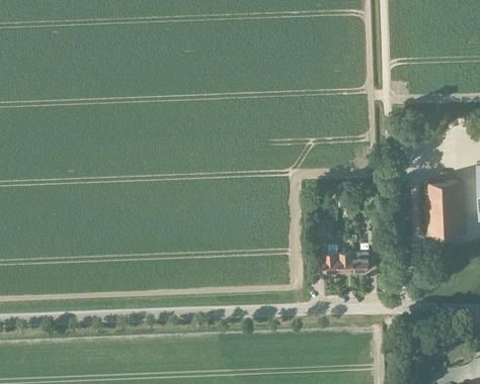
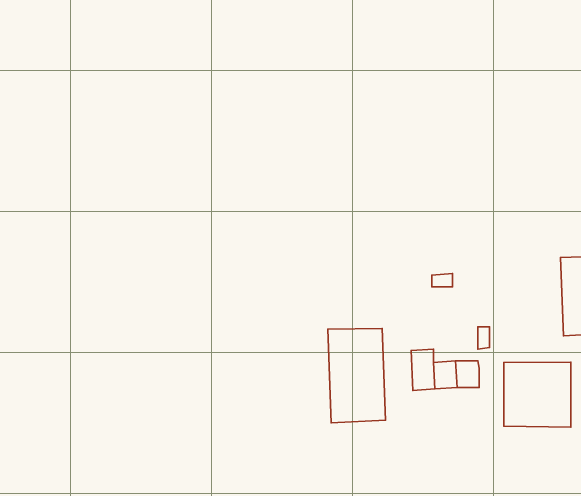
building: none -> [328,328,386,423]
building: none -> [504,362,571,427]

